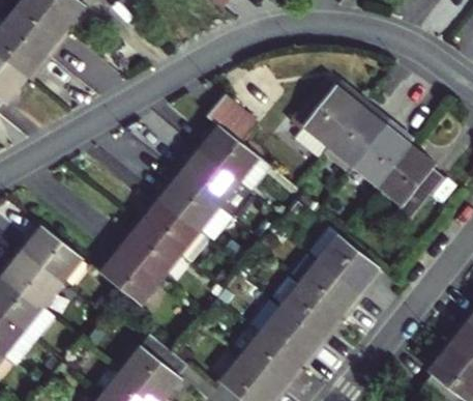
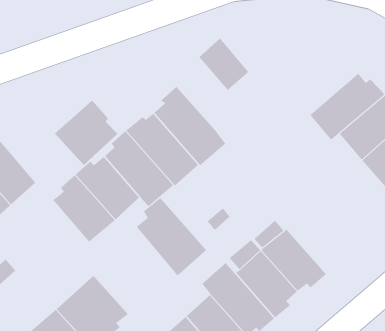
building: [289,80,360,156] -> none
building: [196,123,260,181] -> none
building: none -> [54,100,118,166]
building: [319,233,380,294] -> none
building: none -> [136,197,207,276]

